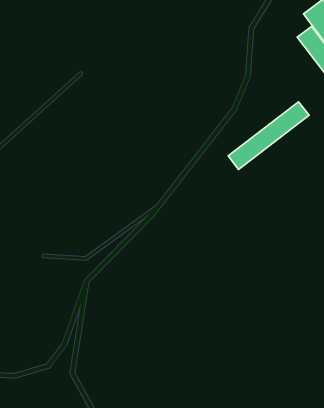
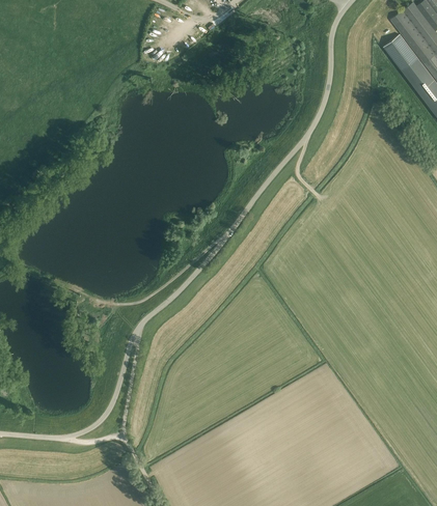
building: [228,102,309,169] -> none

